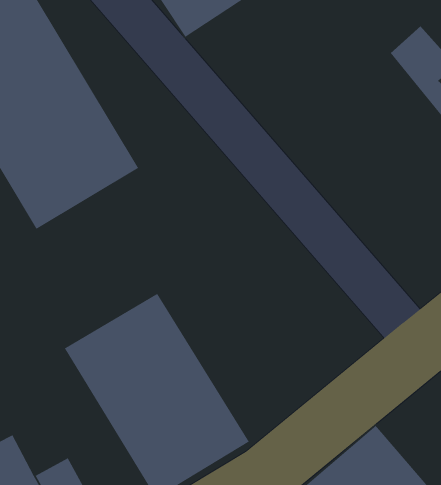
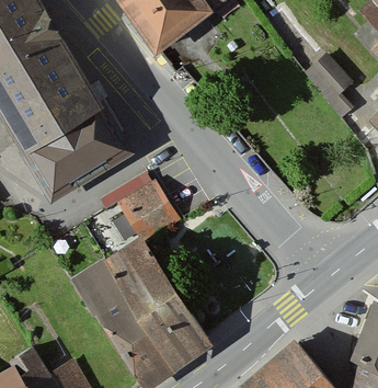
building: none -> [118,184,174,242]

